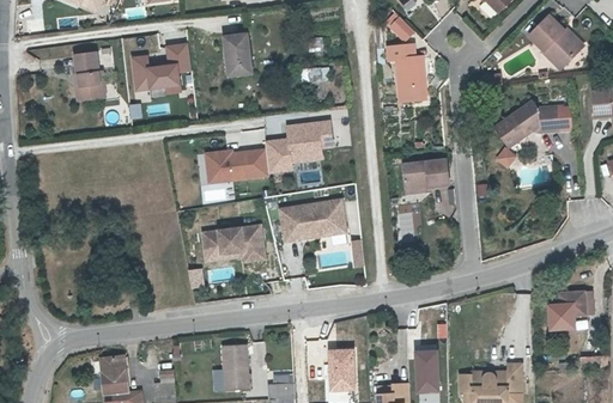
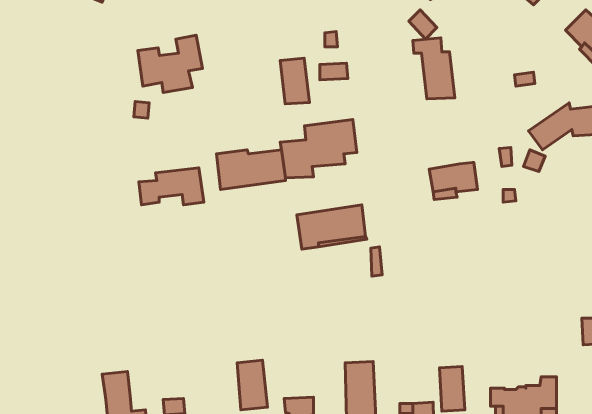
building: [219,30,247,73] -> [280,58,309,104]
building: [74,50,105,97] -> none
building: [204,225,265,259] -> [139,168,204,205]

